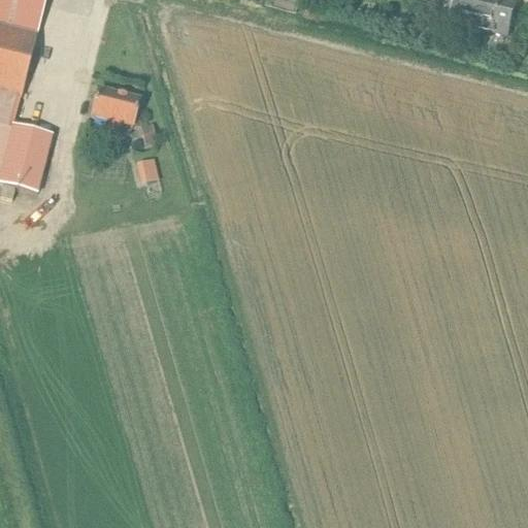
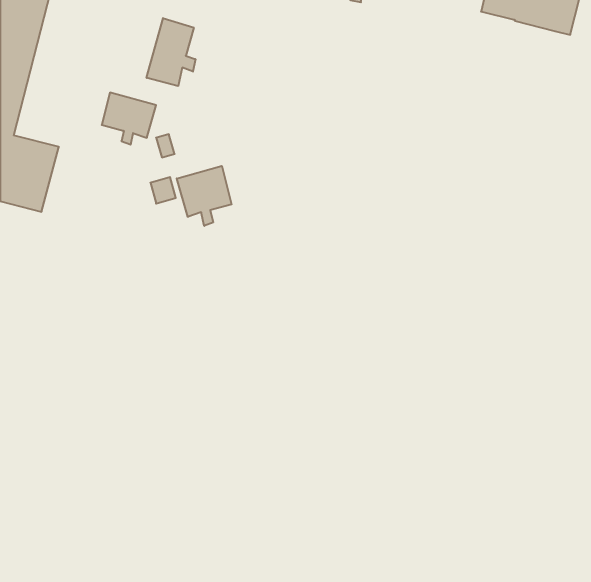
building: none -> [147,18,195,86]
building: none -> [177,166,232,226]

